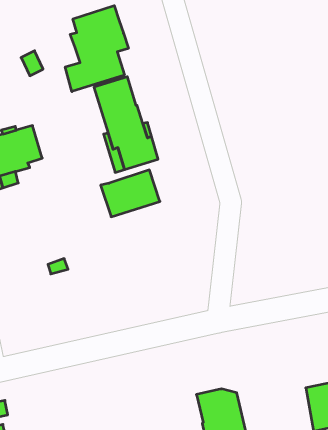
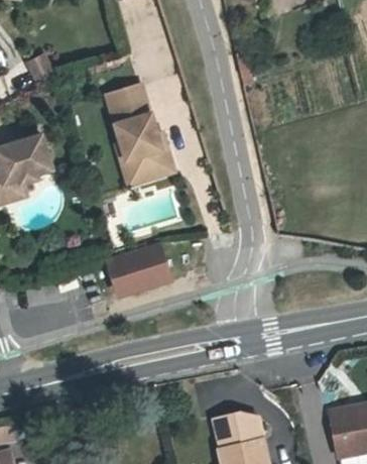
building: [65,6,128,92] -> none
building: [101,170,160,217] -> [108,245,170,295]

